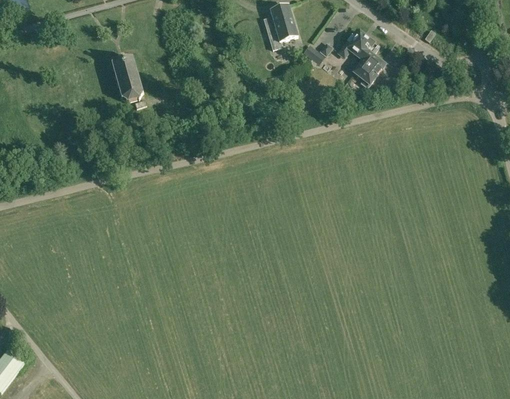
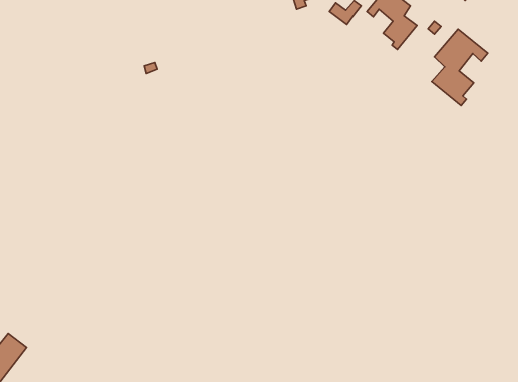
building: [112,54,142,101] -> none
building: none -> [432,29,488,106]

